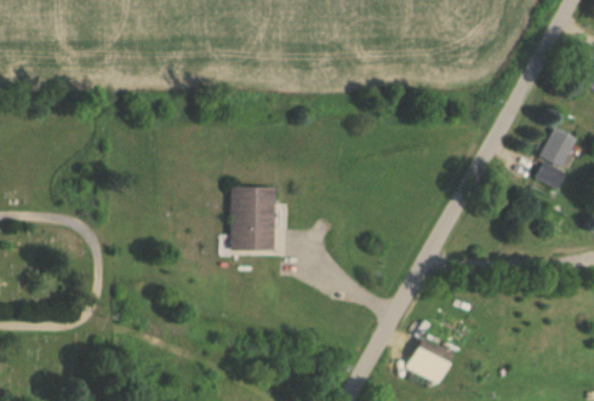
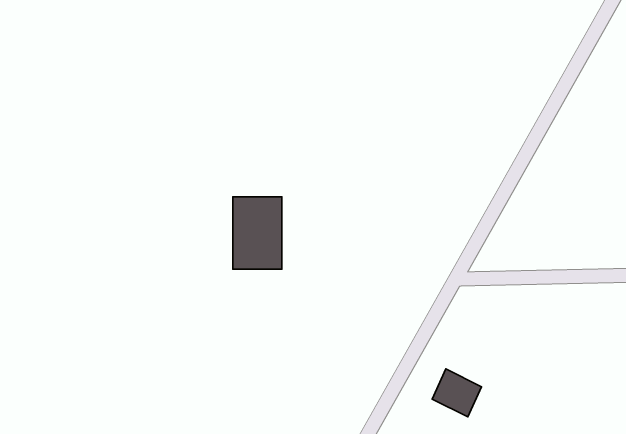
building: [535,127,575,189] -> none

